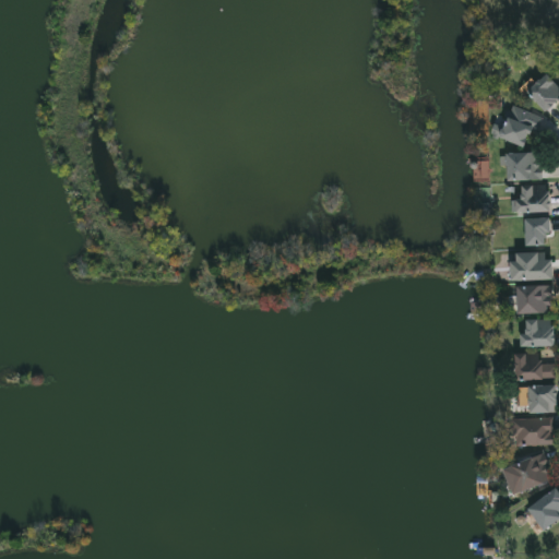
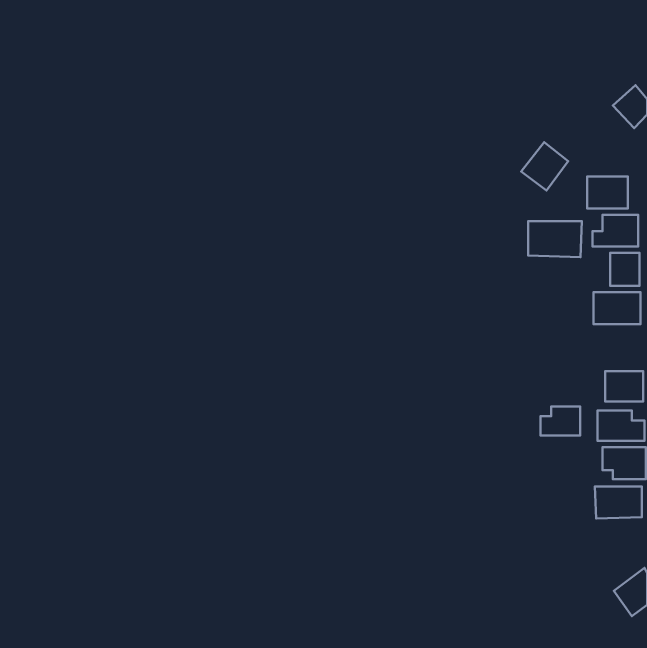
building: [497,106,537,147] -> [521,142,568,191]
building: none -> [528,221,582,257]
building: [515,286,550,313] -> none
building: none -> [541,406,580,436]
building: [511,455,551,490] -> none

